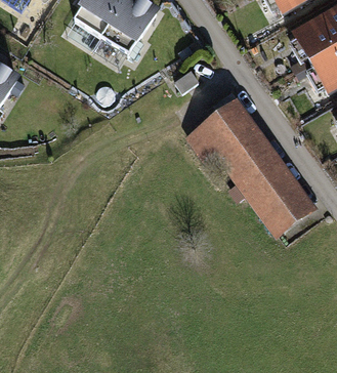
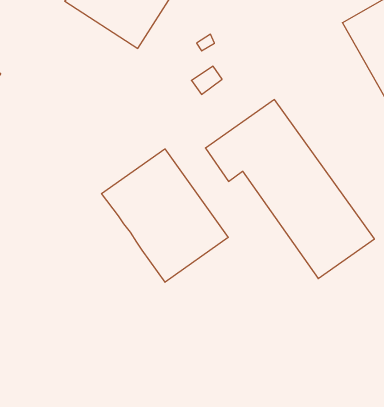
building: none -> [102,149,228,282]

